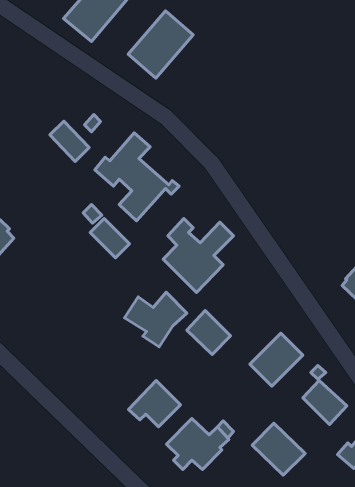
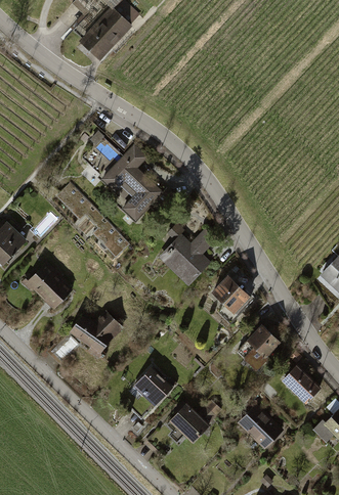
building: [128,11,193,78] -> none
building: [50,121,89,161] -> [57,183,92,219]
building: none -> [20,262,71,309]
building: [124,292,187,347] -> [69,310,124,358]
building: [187,310,231,354] -> [212,275,251,314]

